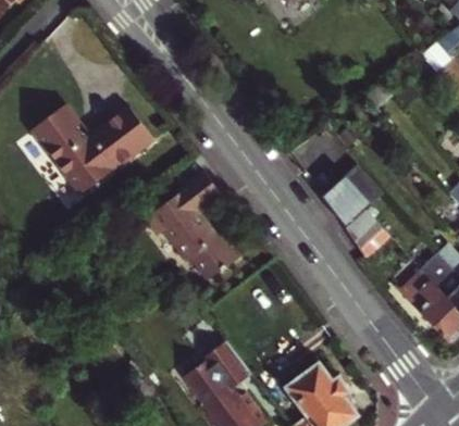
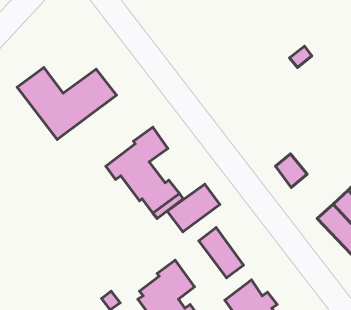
building: [324,163,387,225] -> none
building: none -> [167,184,220,232]
building: none -> [199,227,244,278]

